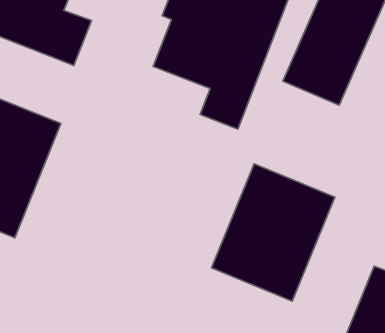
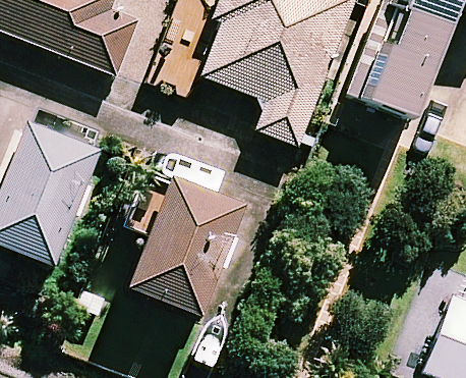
building: none -> [129,177,246,316]
building: [211,164,335,301] -> none

